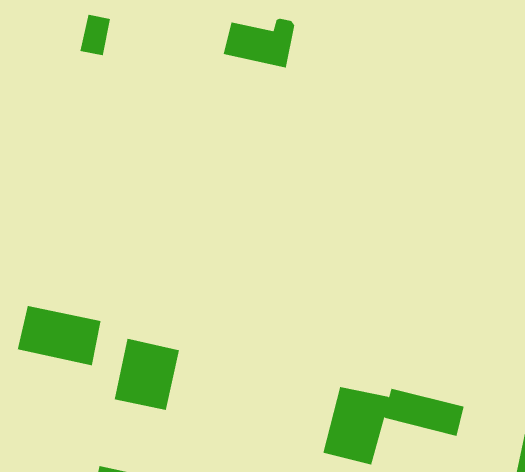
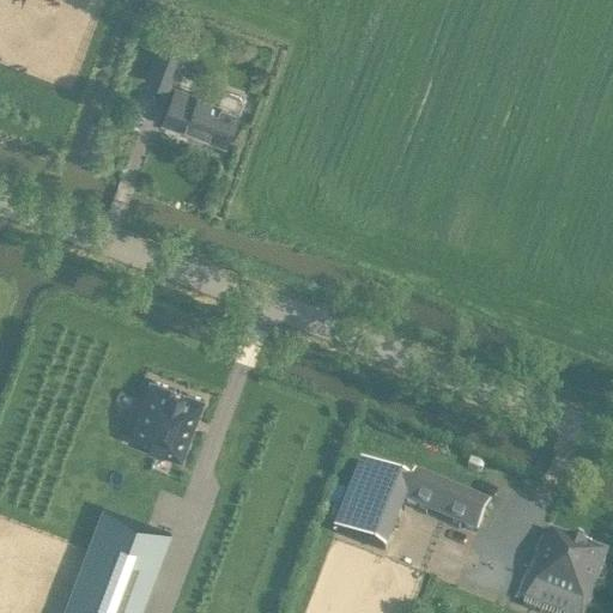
building: [223,18,295,68] -> [163,91,242,147]
building: [17,305,101,366] -> none

